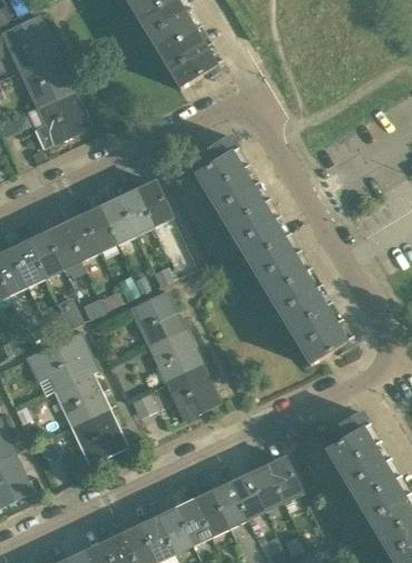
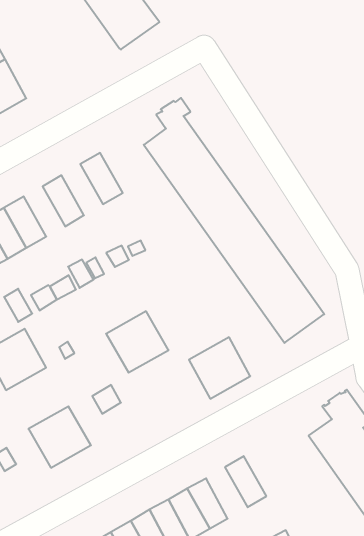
building: [118,189,154,236] -> none
building: [82,207,118,253] -> none
building: [131,292,186,345] -> none
building: [166,364,220,418] -> [189,337,250,399]
building: [53,372,109,426] -> none
building: [265,456,303,503] -> none
building: [229,474,265,521] -> none

